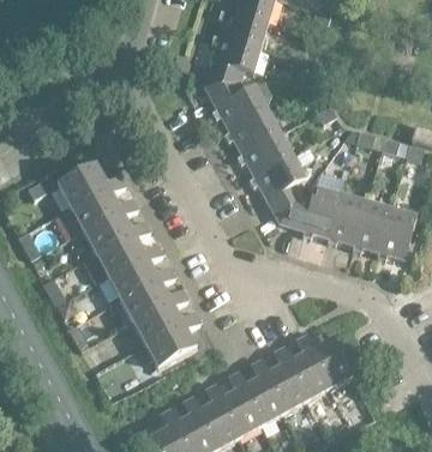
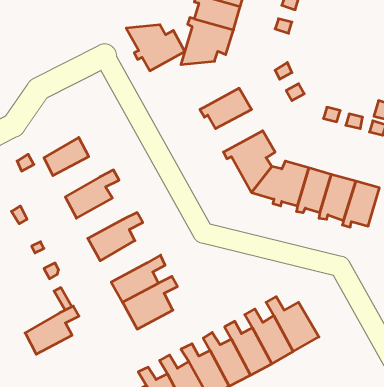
building: [205,80,268,129] -> [126,25,185,71]
building: [238,132,293,175] -> none
building: [68,174,127,225] -> none
building: [94,219,151,270] -> none
building: [119,265,176,317] -> [25,306,79,354]

